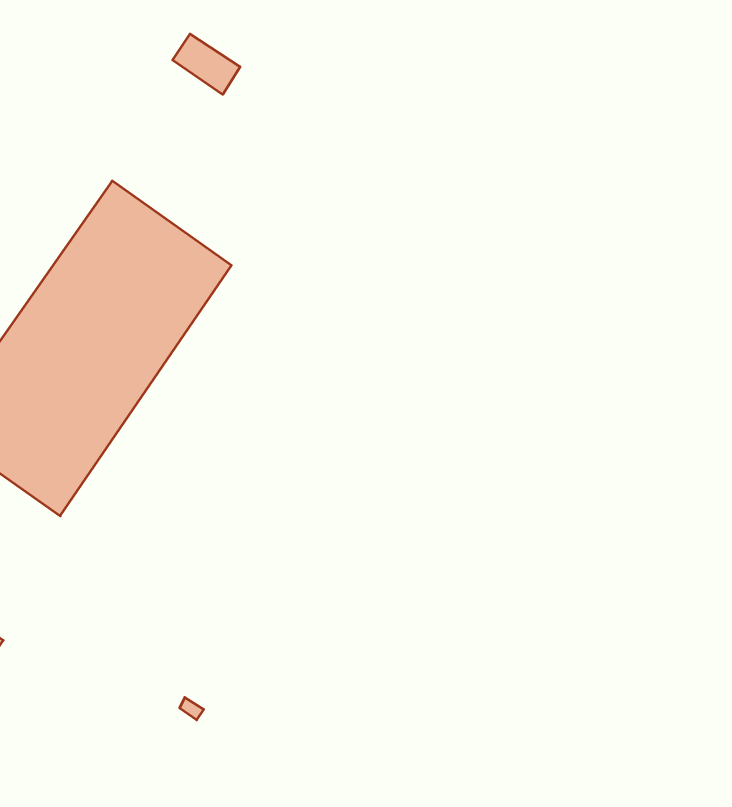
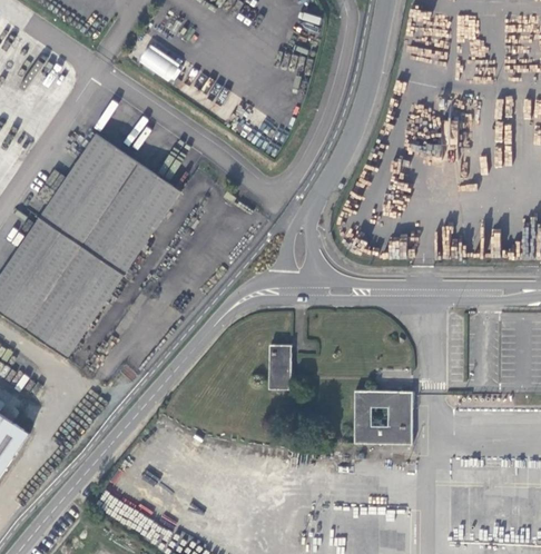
building: none -> [268,343,292,388]
building: none -> [354,389,412,443]

